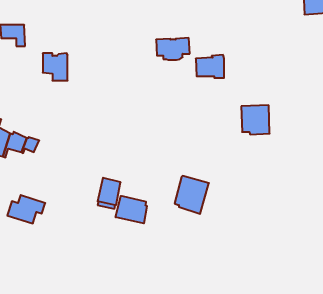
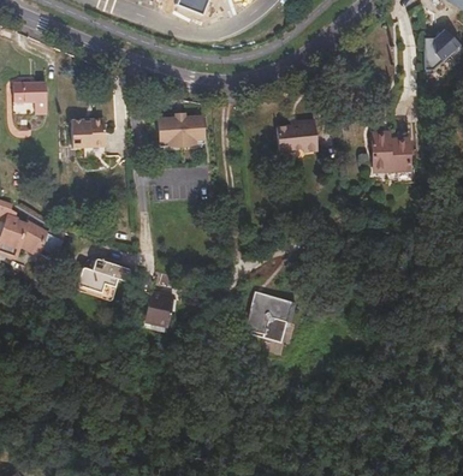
building: [156,38,190,60] -> [159,112,204,142]
building: [241,105,270,134] -> [369,136,408,175]
building: [7,195,45,223] -> [79,257,131,296]
building: [116,196,147,223] -> none

